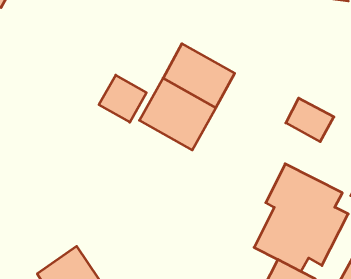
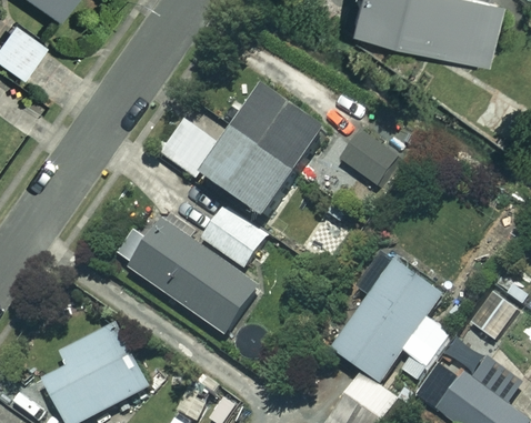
building: [286,98,334,142] -> [339,129,399,185]
building: none -> [201,205,265,265]
building: none -> [113,219,259,334]

